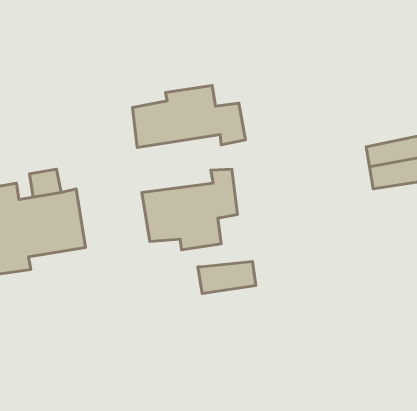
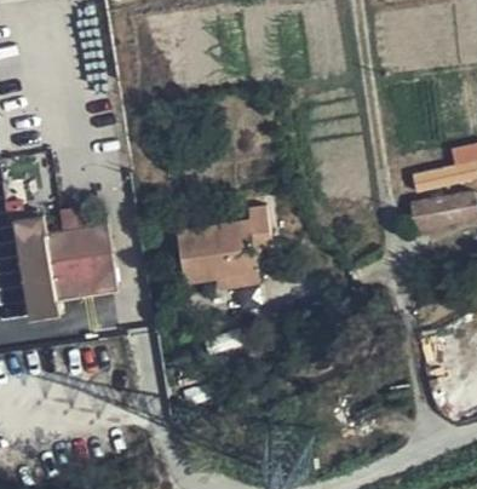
building: [132,86,245,148] -> none
building: [198,261,256,294] -> none

